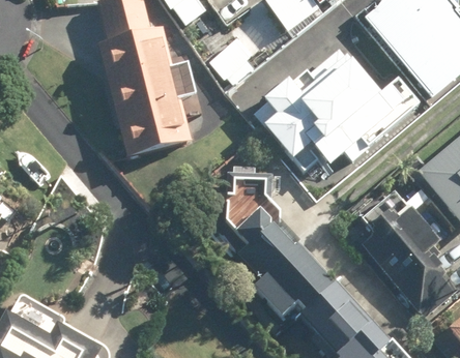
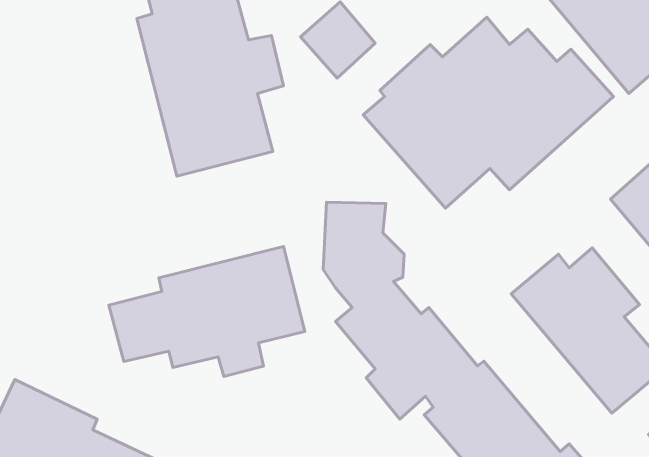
building: none -> [109,246,305,377]

